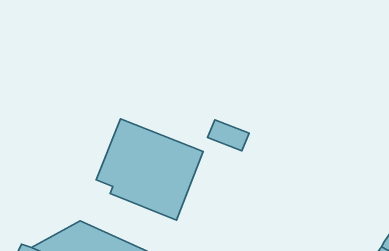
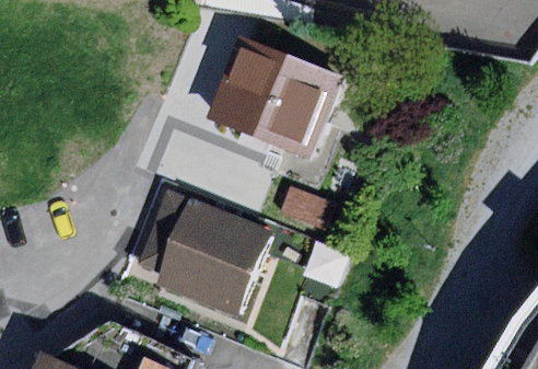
building: none -> [207,34,338,153]

